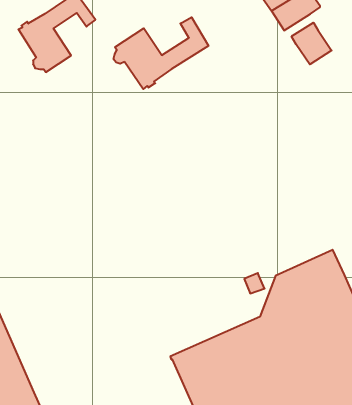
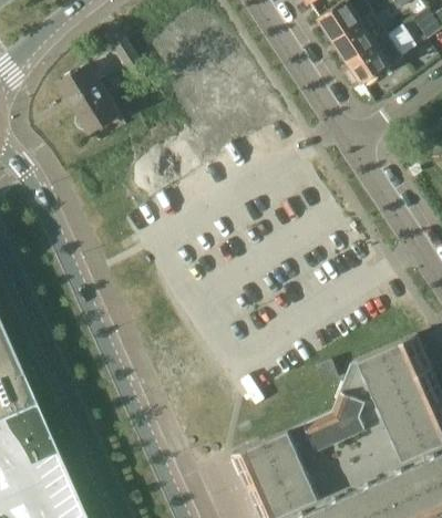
building: [113,17,208,89] -> none
building: [292,23,332,64] -> none

